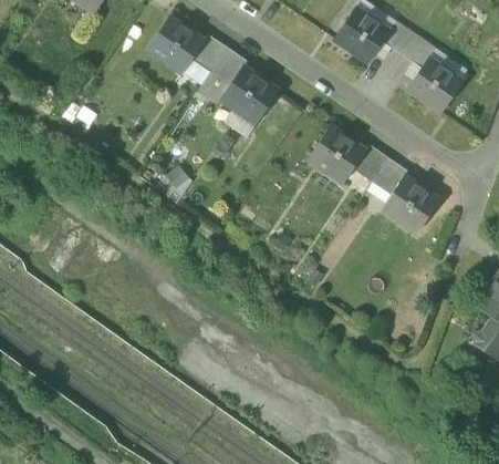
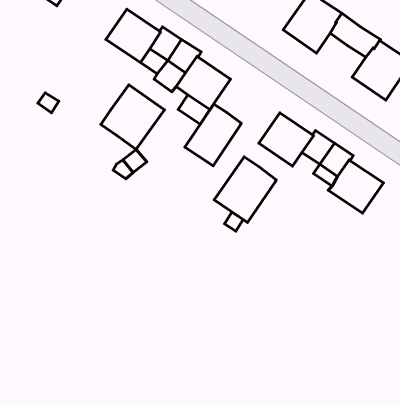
building: none -> [101,85,164,149]
building: none -> [185,104,241,166]
building: none -> [214,157,276,222]

